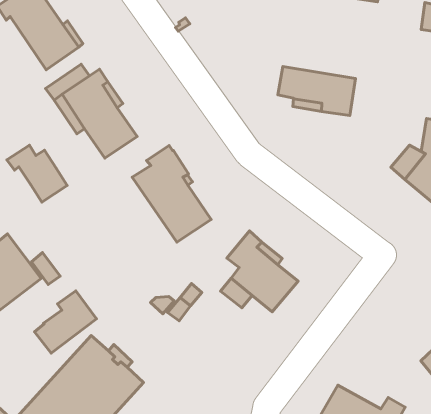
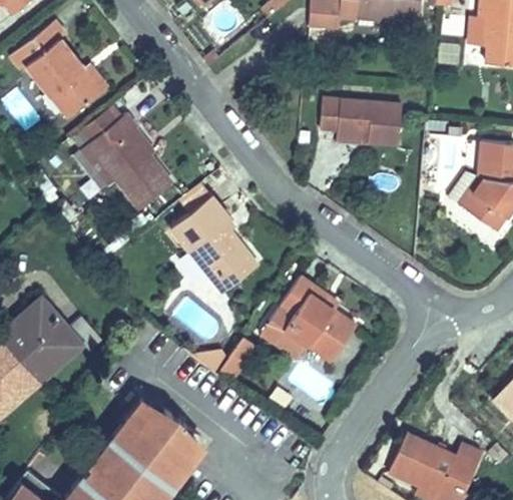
building: [7,145,67,202] -> none
building: [35,291,96,353] -> none

